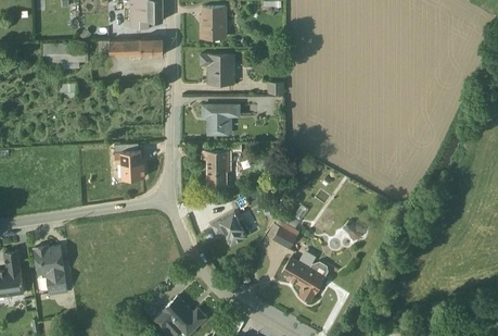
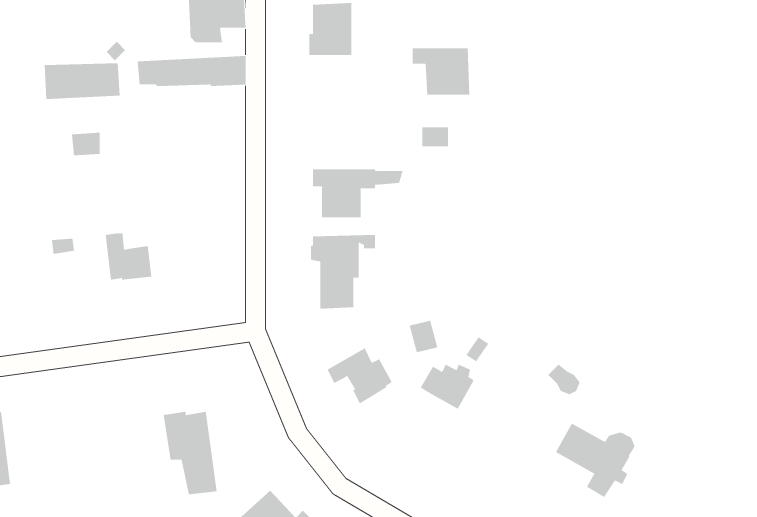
building: [200,55,234,84] -> [412,48,470,95]
building: [112,149,140,177] -> [105,233,152,280]
building: [34,246,66,296] -> [163,411,217,495]
building: [280,257,328,301] -> [555,423,635,498]

